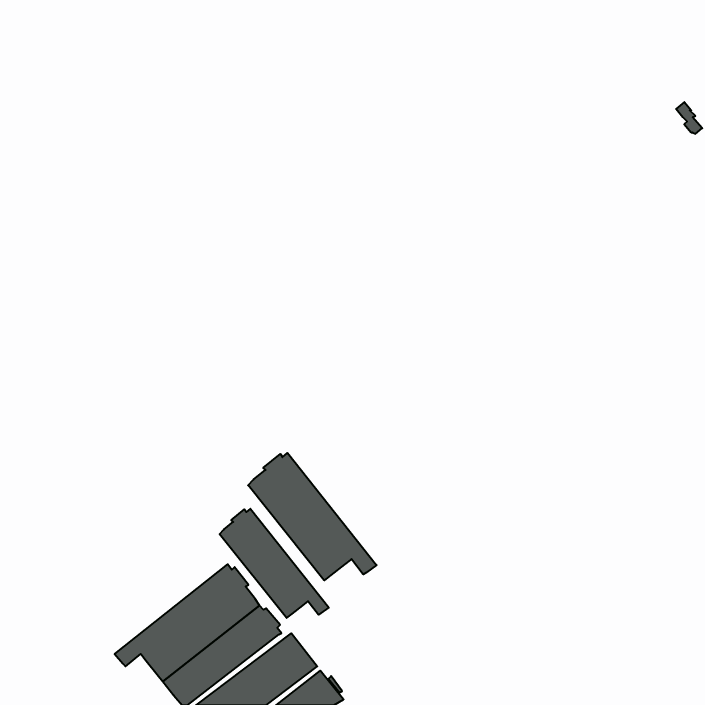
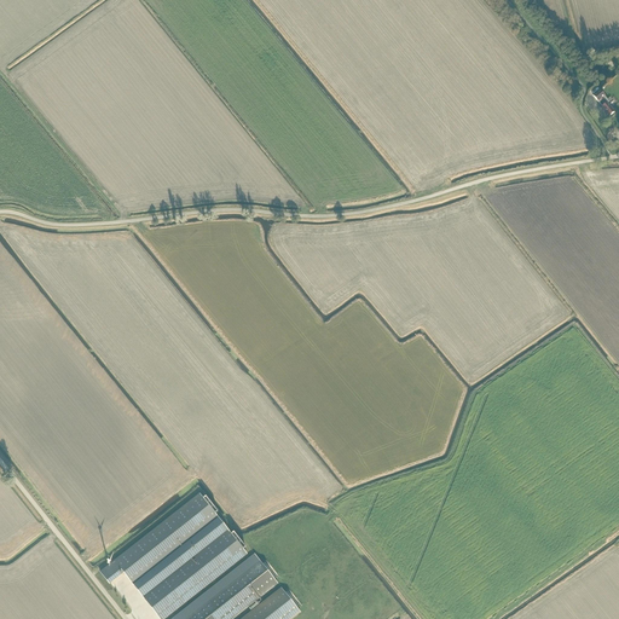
building: [248,453,377,580] -> none
building: [220,509,329,618] -> none

